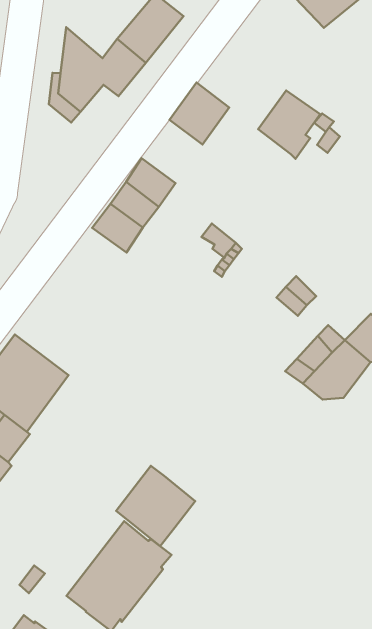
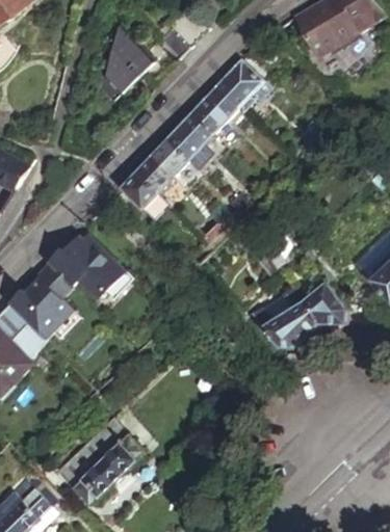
building: [258,91,320,159] -> [215,60,265,114]
building: none -> [164,113,213,163]
building: none -> [47,232,127,308]
building: [116,466,195,546] -> none

